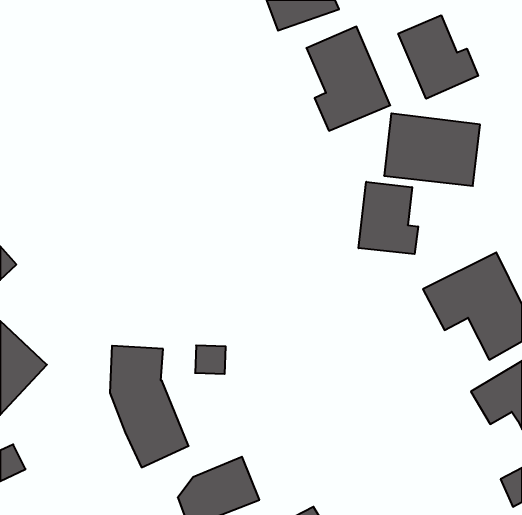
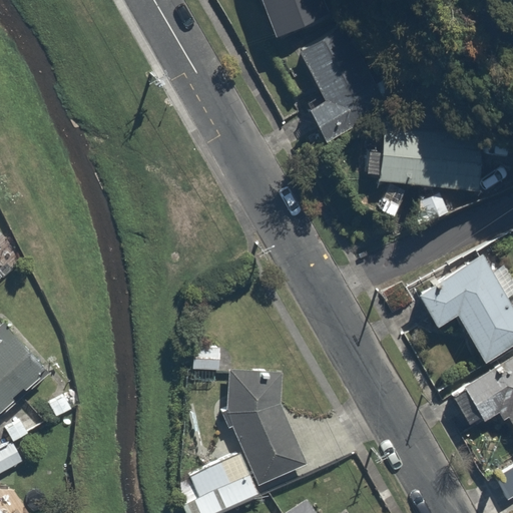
building: [398,15,478,99] -> none
building: [359,182,418,254] -> none
building: [110,346,189,467] -> [225,369,303,488]

